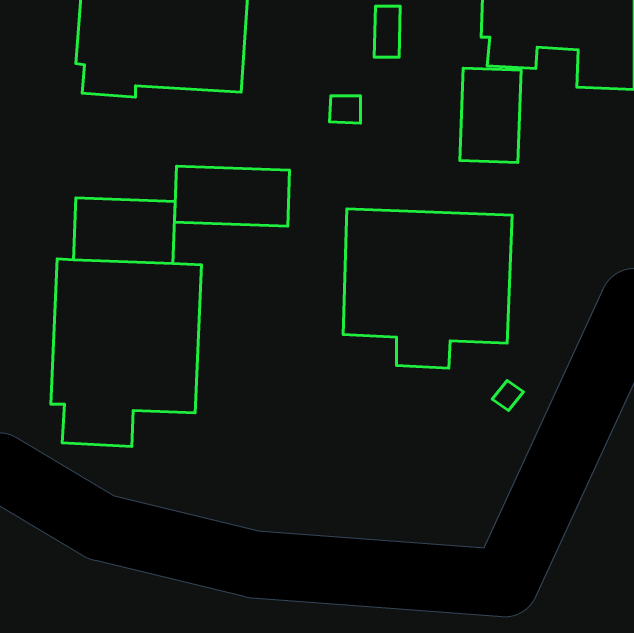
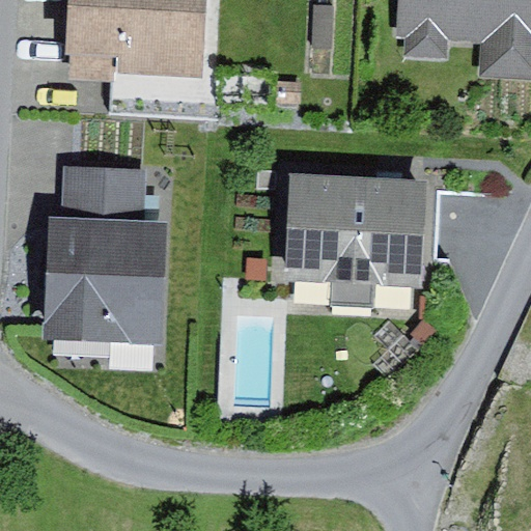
building: [460,68,521,163] -> none
building: [175,166,290,226] -> none

